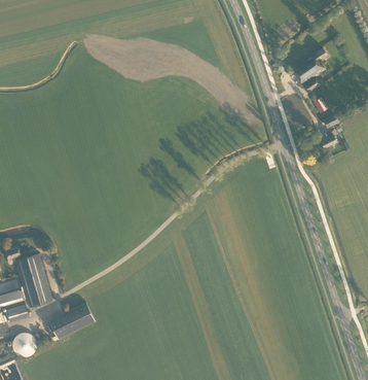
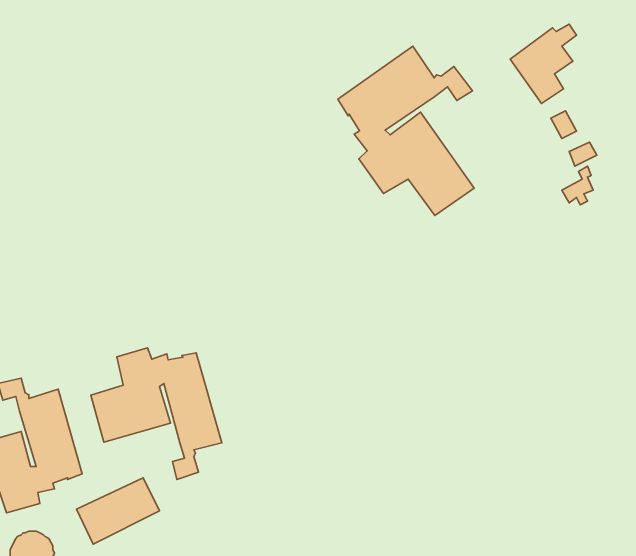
building: none -> [338,46,474,215]
building: none -> [91,348,222,479]

